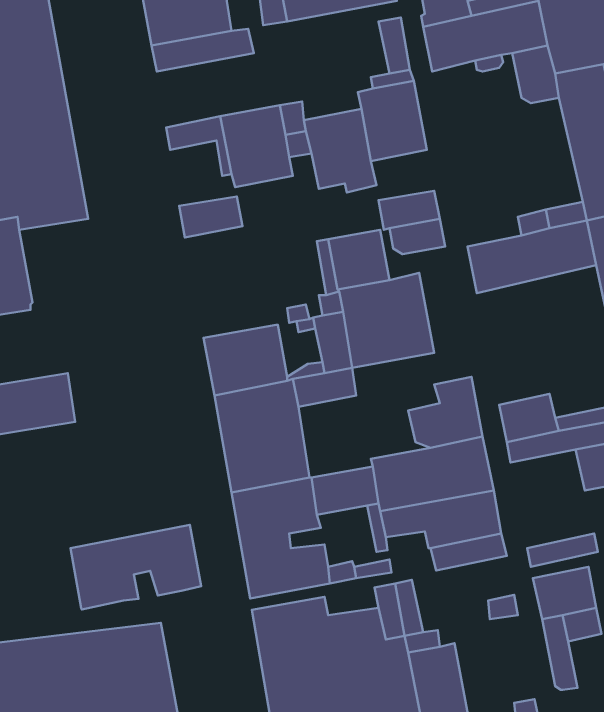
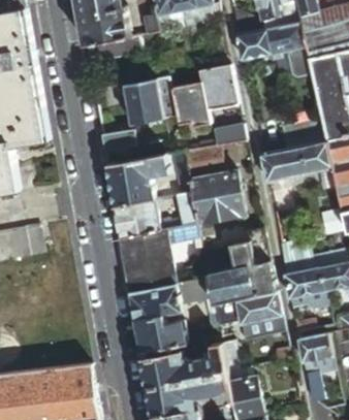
building: none -> [107,156,171,207]
building: none -> [285,269,326,299]
building: [70,525,201,609] -> none

